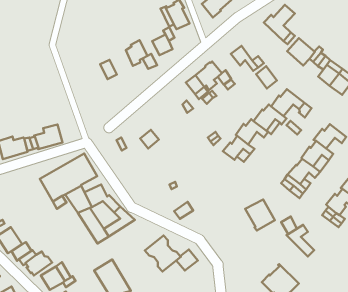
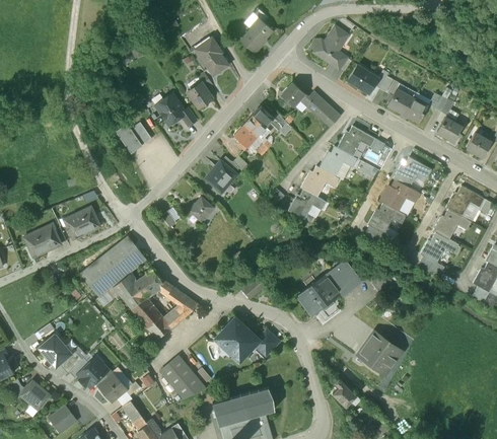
building: none -> [115,124,142,154]
building: none -> [205,160,236,197]
building: none -> [297,273,341,315]
building: [286,225,314,257] -> none

